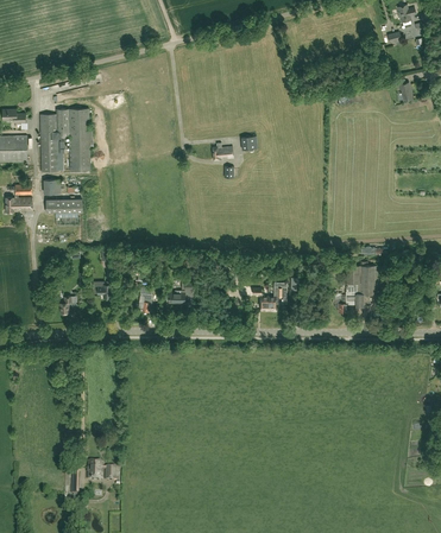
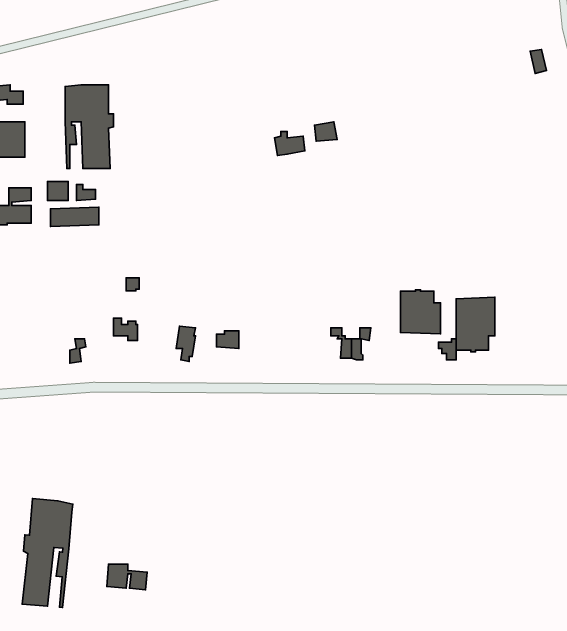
building: [40,115,58,172] -> none
building: none -> [401,290,440,334]
building: none -> [22,499,73,607]

